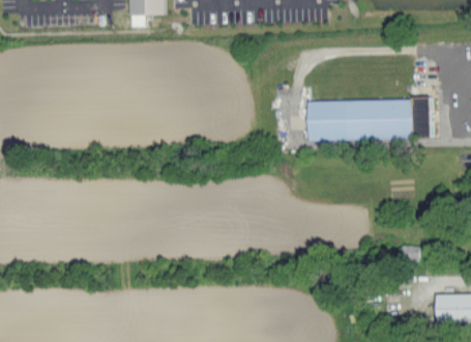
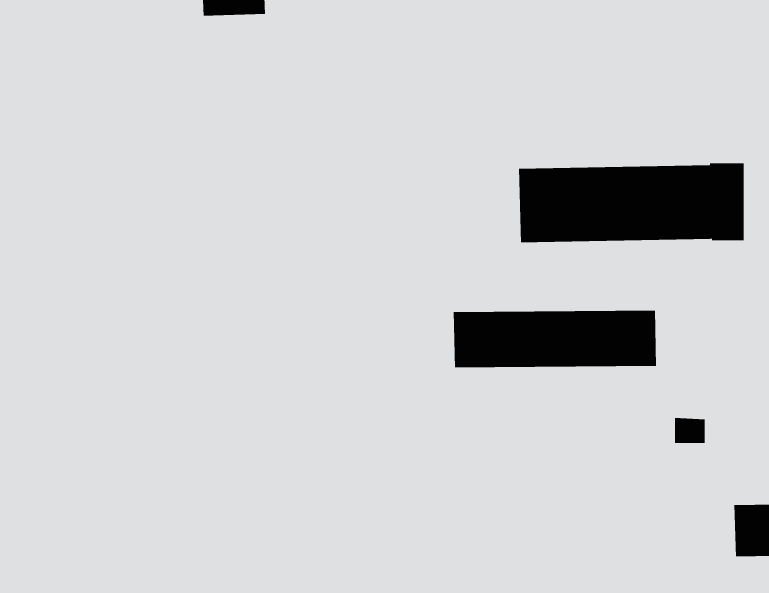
building: none -> [453,310,656,368]

